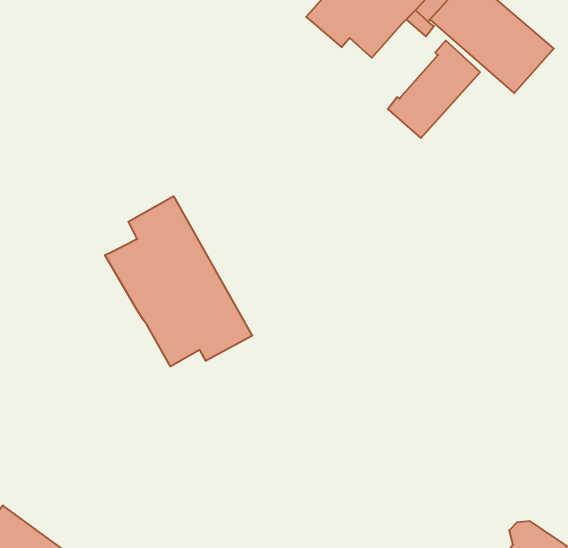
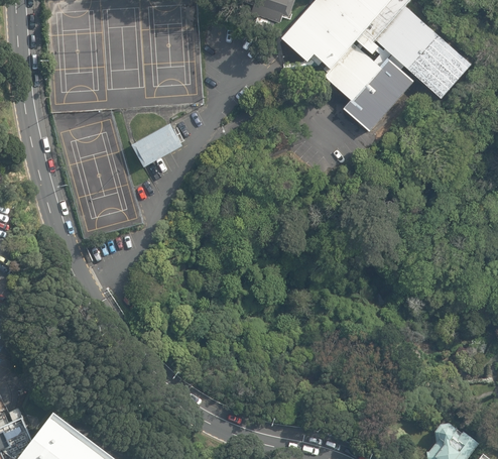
building: none -> [326,44,382,102]
building: none -> [131,123,183,167]
building: [105,196,252,366] -> none

